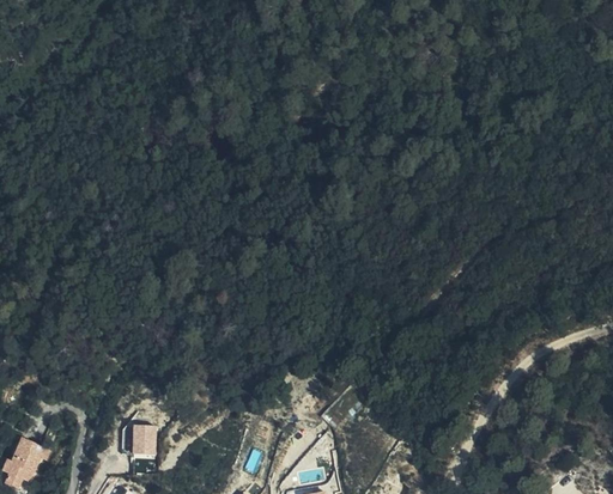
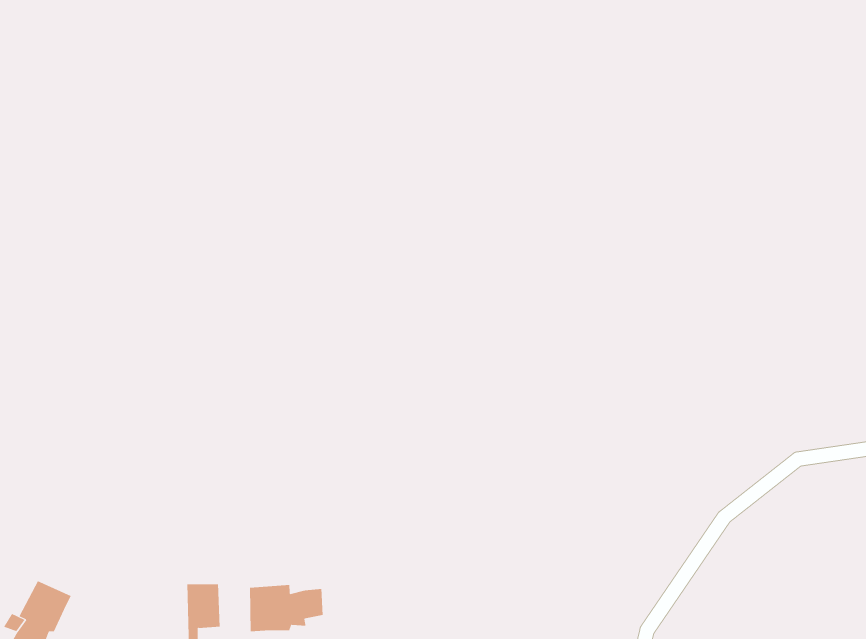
building: none -> [250,584,323,632]

